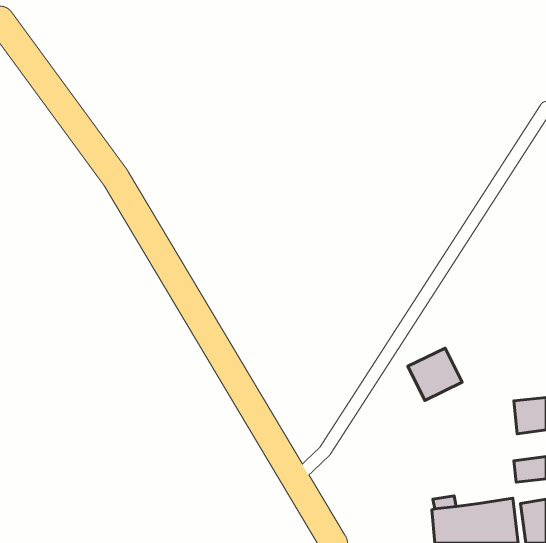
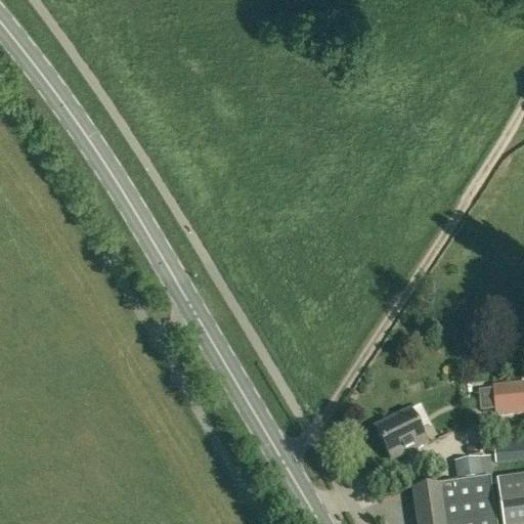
building: [408,348,462,400] -> [375,409,427,460]
building: none -> [455,455,492,482]

